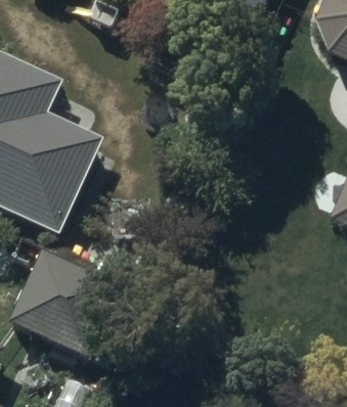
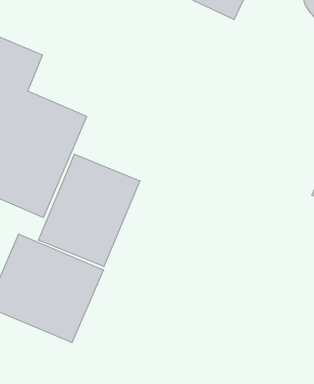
building: none -> [38,154,140,267]

